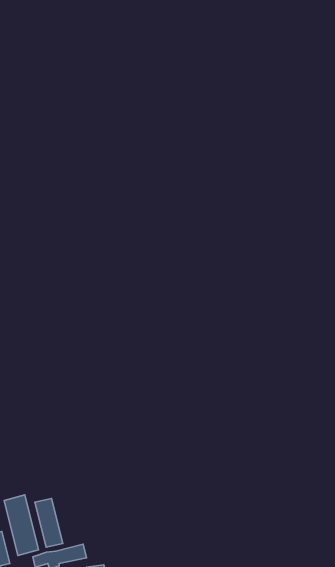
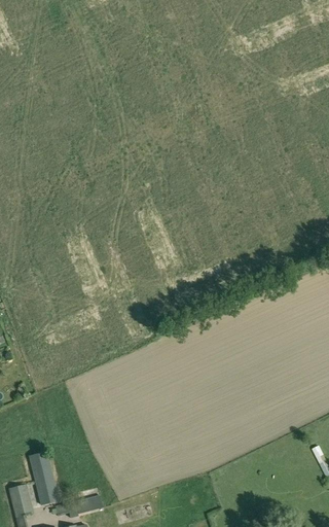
building: [35,498,63,547] -> none

